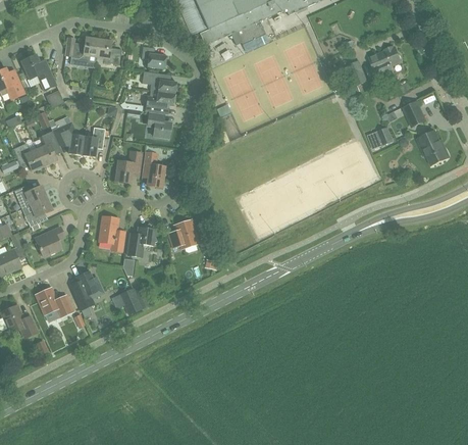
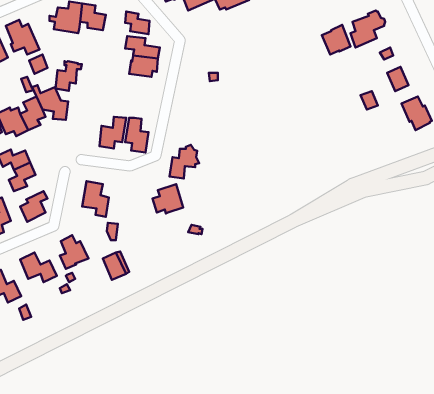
building: [147,111,170,138] -> none
building: [82,127,108,156] -> [55,61,82,91]
building: [127,222,157,256] -> [170,145,199,178]

